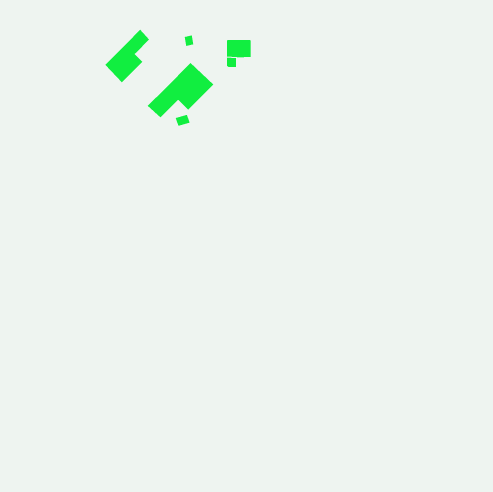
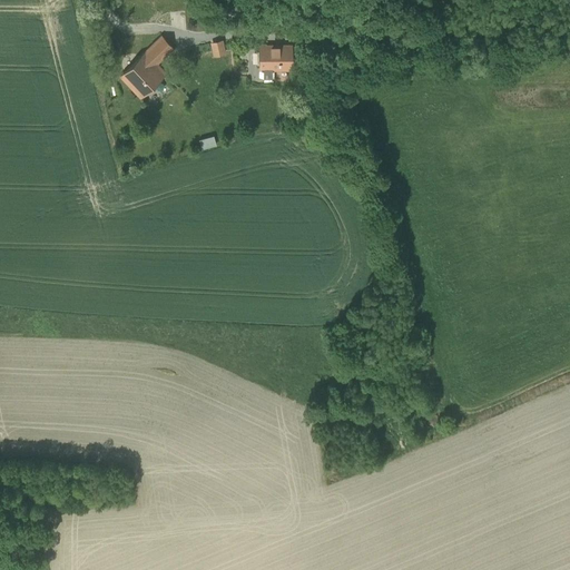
building: [147,62,214,118] -> none

